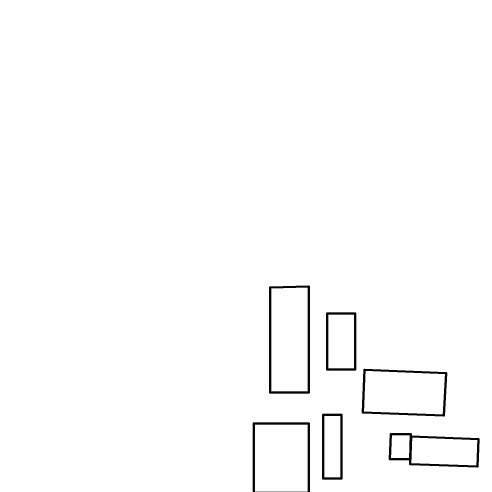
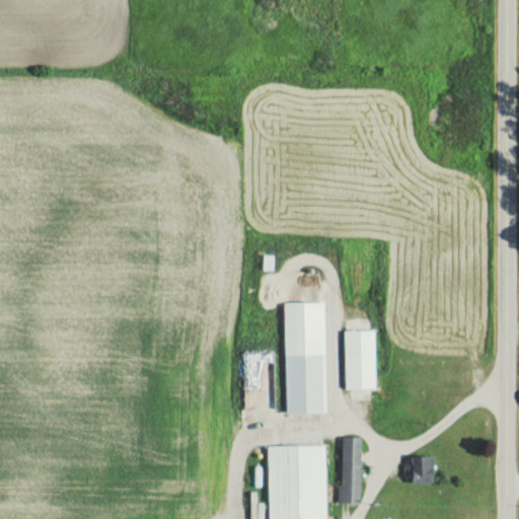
building: [363,370,446,415] -> none
building: [410,437,479,467] -> none

